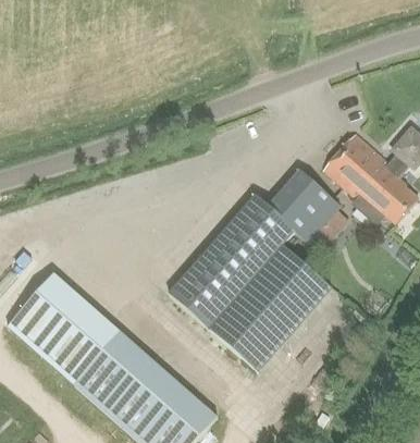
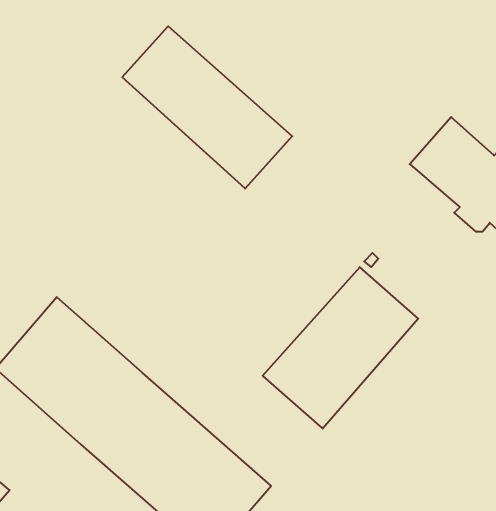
building: none -> [122,26,292,189]
building: [168,169,343,331] -> none

